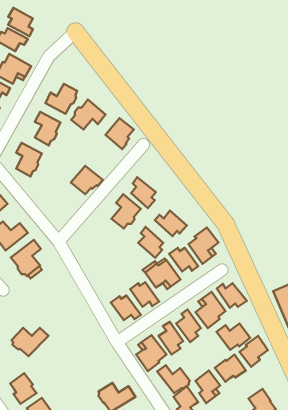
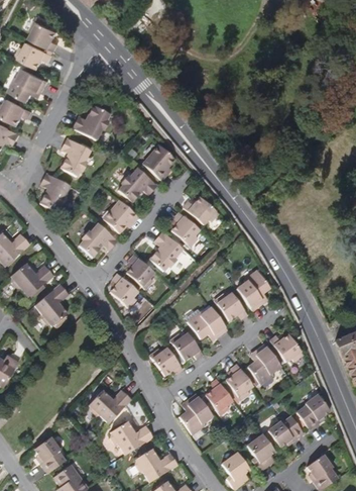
building: [71,99,106,129] -> [118,168,157,202]
building: none -> [78,223,117,258]
building: [155,211,187,236] -> [184,197,220,226]
building: [138,227,163,258] -> [126,255,154,290]
building: none -> [110,274,138,309]
building: [217,323,250,350] -> none
building: [12,328,49,356] -> [89,391,131,423]
building: none -> [109,420,152,455]
building: [157,365,190,393] -> none

